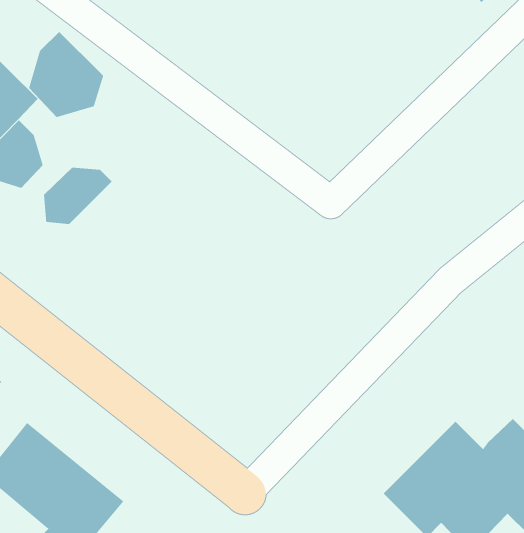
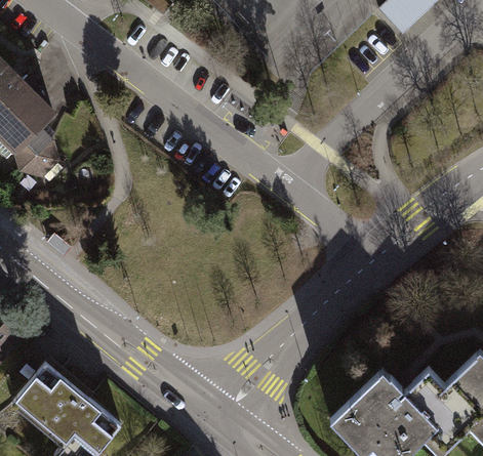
building: [28,31,104,118] -> none
building: [43,167,112,225] -> none

